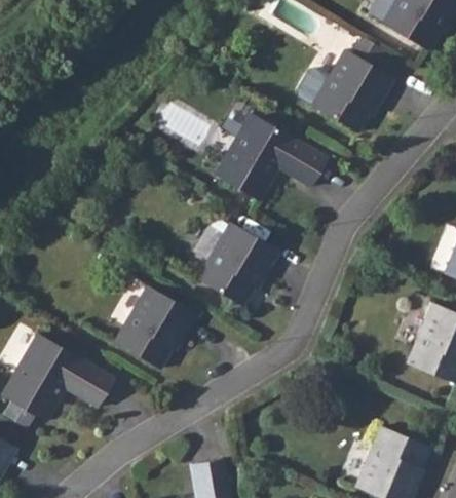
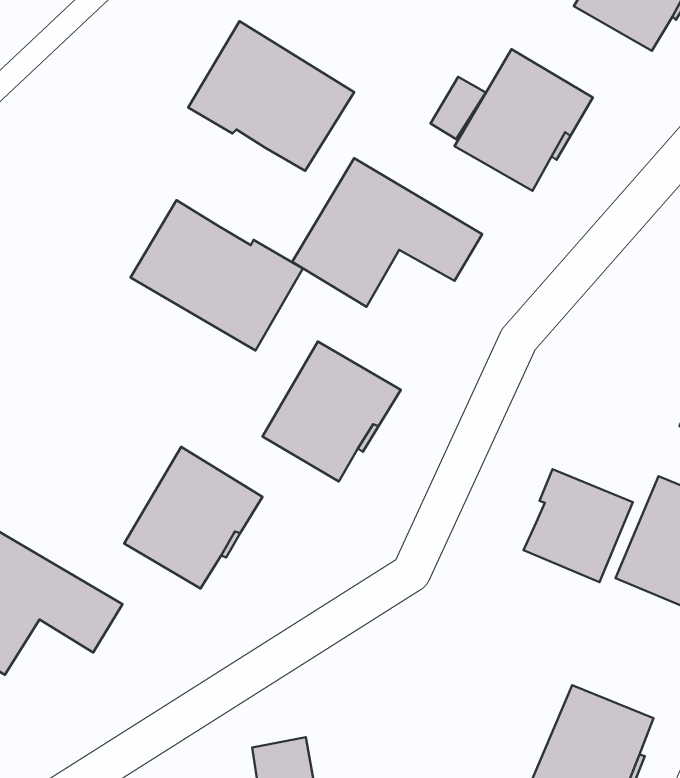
building: none -> [188,21,354,171]
building: none -> [130,200,303,350]
building: none -> [524,469,633,582]

